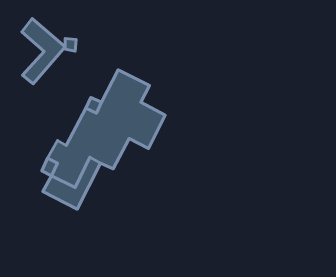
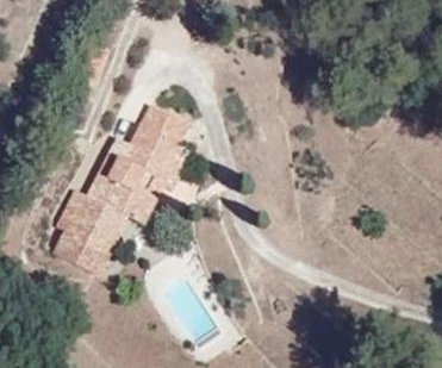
building: [22,19,65,84] -> none

